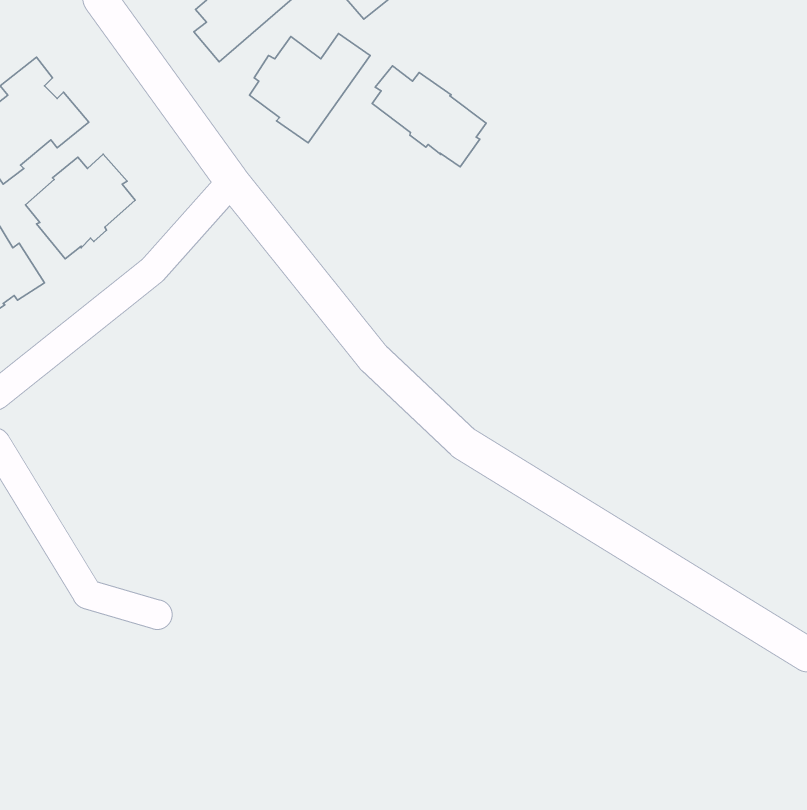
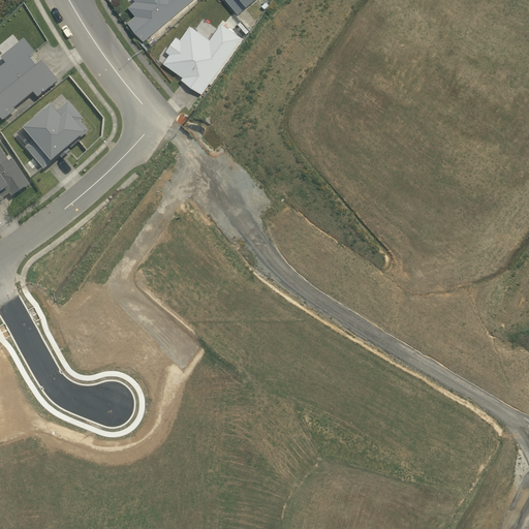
building: [372,66,486,167] -> none

